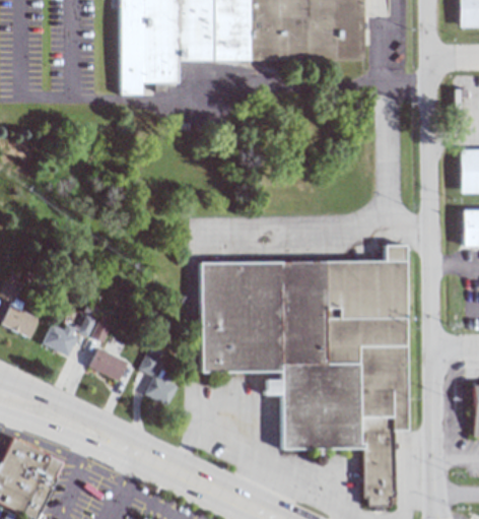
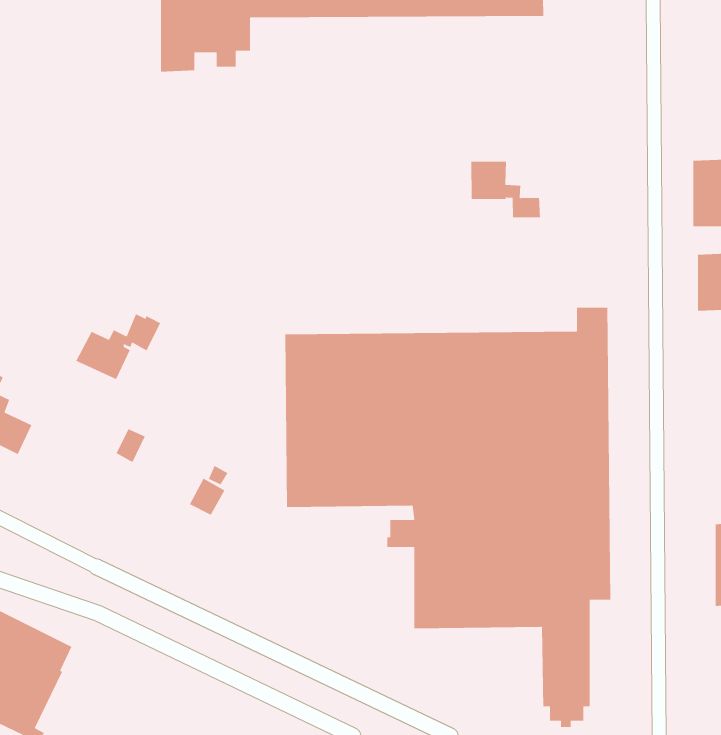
building: none -> [470,161,541,218]
building: [42,314,96,356] -> [75,313,161,380]
building: [88,347,128,382] -> none
building: [143,371,177,407] -> none

